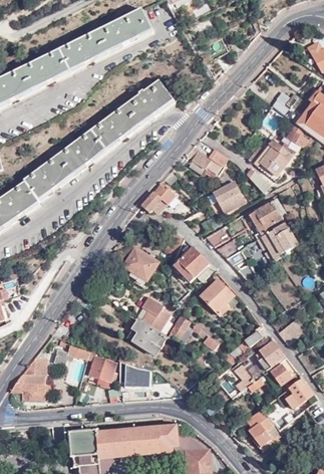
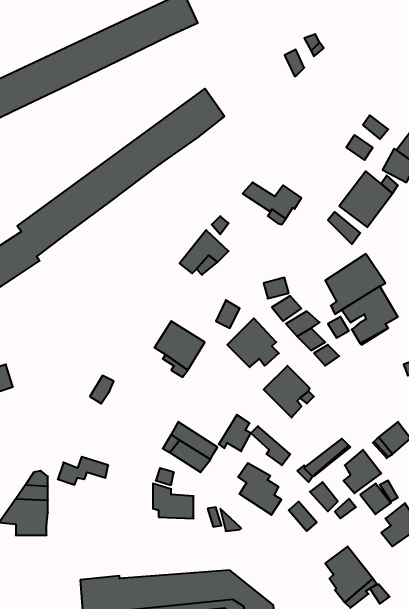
building: [206,180,245,213] -> none
building: [140,296,172,333] -> [238,463,281,515]
building: [86,349,117,382] -> none

